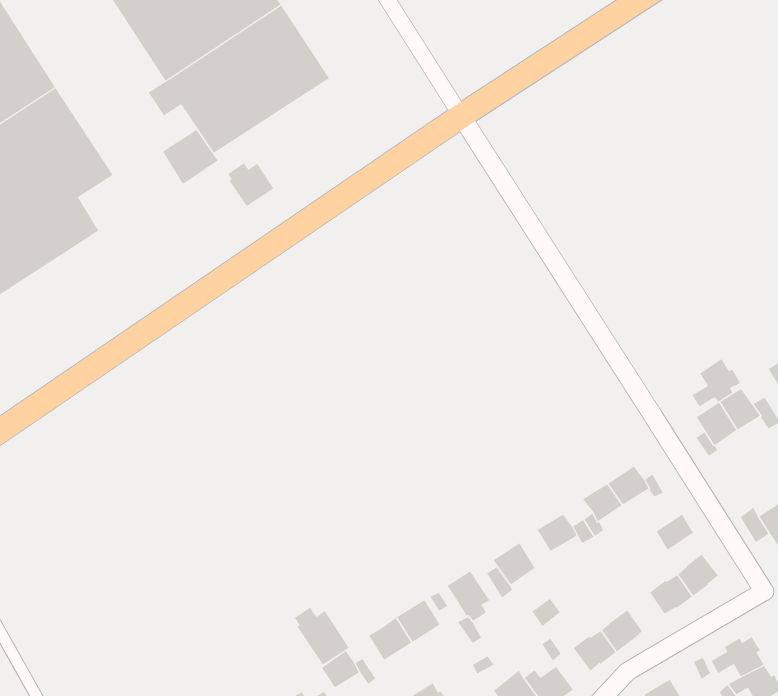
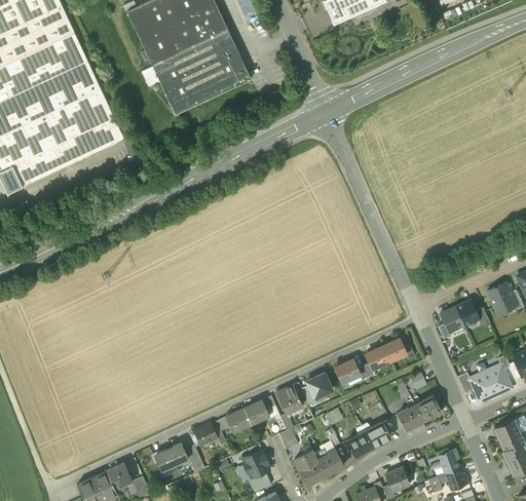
building: [162,129,218,185] -> [90,118,123,150]
building: [228,163,274,207] -> none
building: [692,358,741,407] -> none
building: [294,607,349,665] -> none

